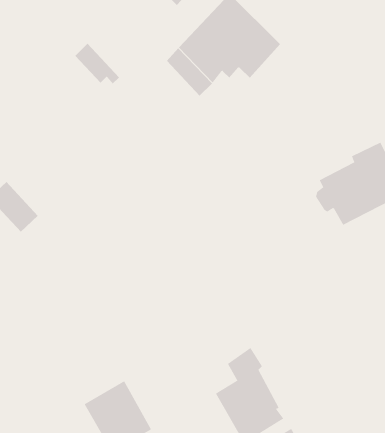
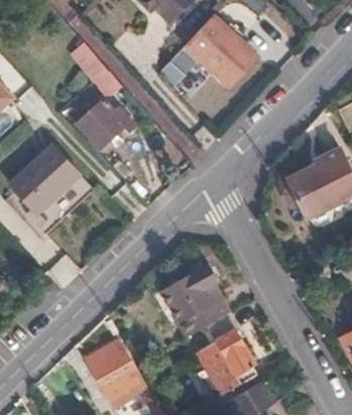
building: none -> [77,101,135,148]
building: none -> [24,147,79,202]
building: none -> [161,266,231,340]

